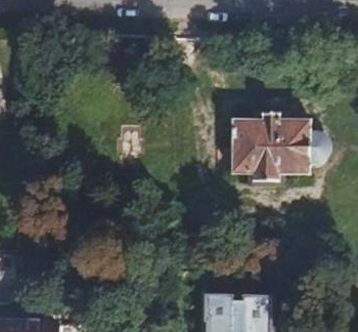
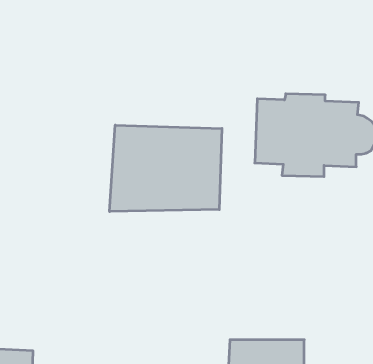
building: none -> [110,125,222,212]

